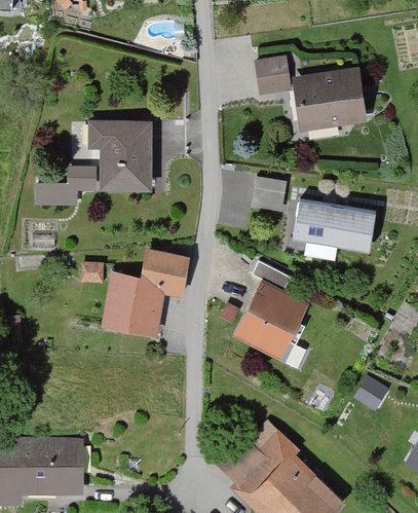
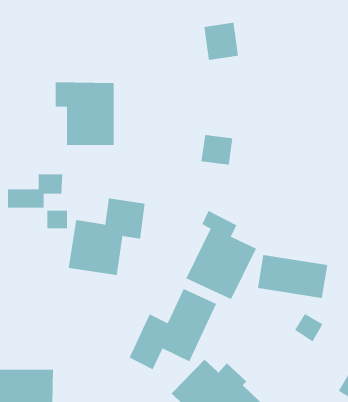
building: [292,64,369,132] -> none
building: [34,168,96,206] -> [7,174,63,208]
building: [292,200,370,249] -> [257,254,328,298]
building: none -> [129,288,217,370]

